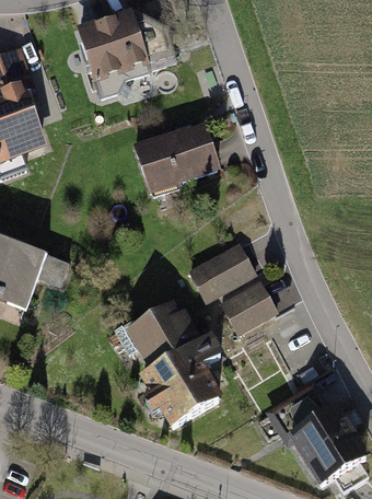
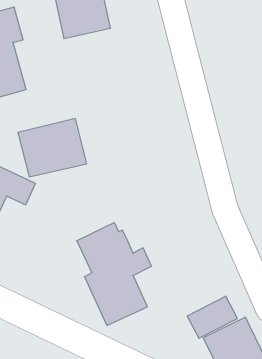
building: [132,119,221,196] -> [18,119,87,177]
building: [186,241,258,304] -> none
building: [221,283,277,335] -> none

